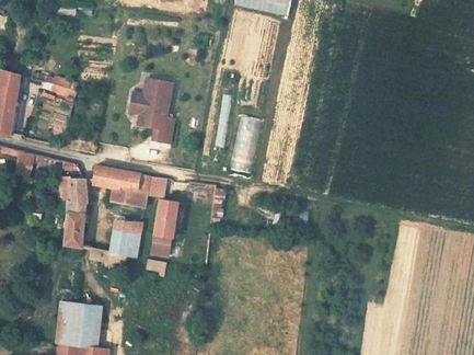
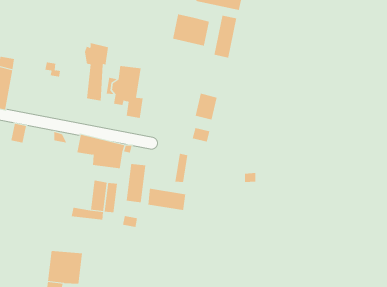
building: none -> [173,14,210,46]
building: none -> [214,15,237,58]
building: [59,176,89,247] -> [84,43,109,101]
building: none -> [148,188,186,211]

